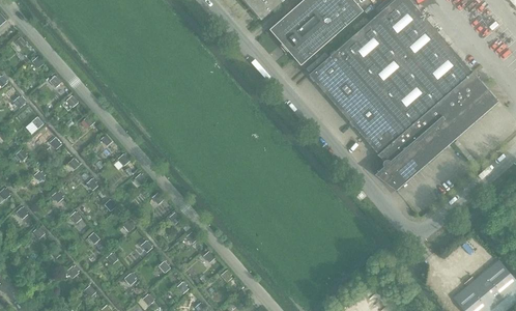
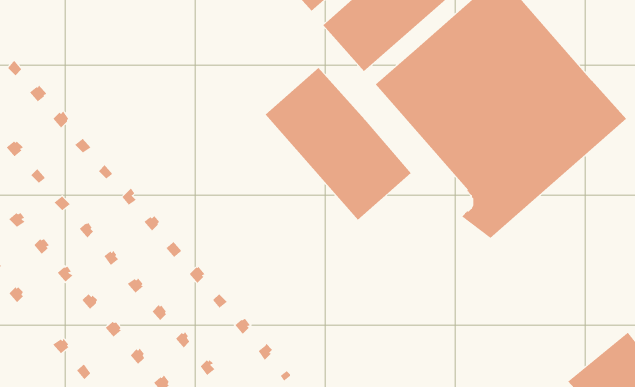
building: none -> [265,67,412,220]

